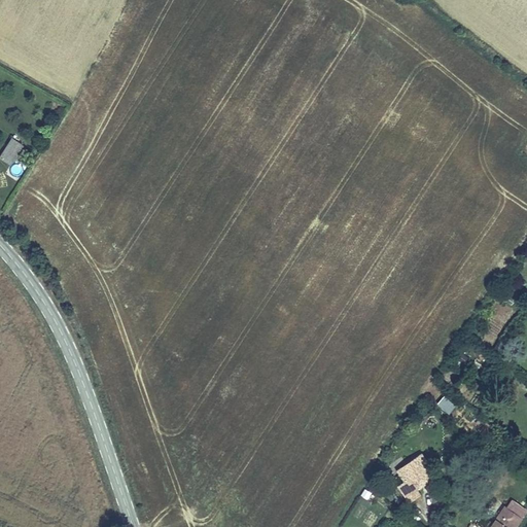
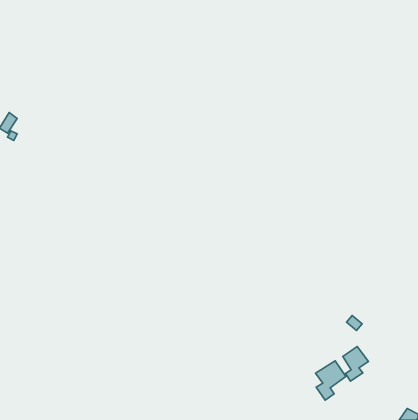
building: none -> [343,347,369,381]

